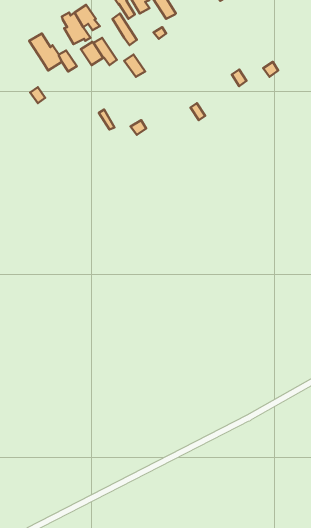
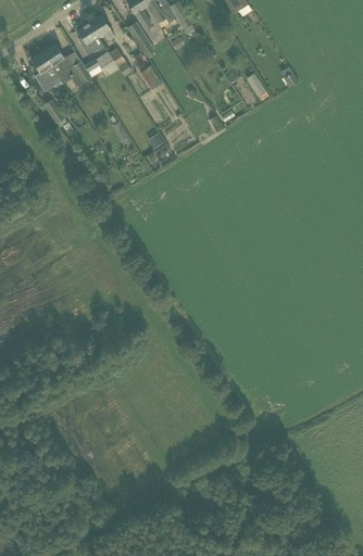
building: none -> [30,50,63,90]

